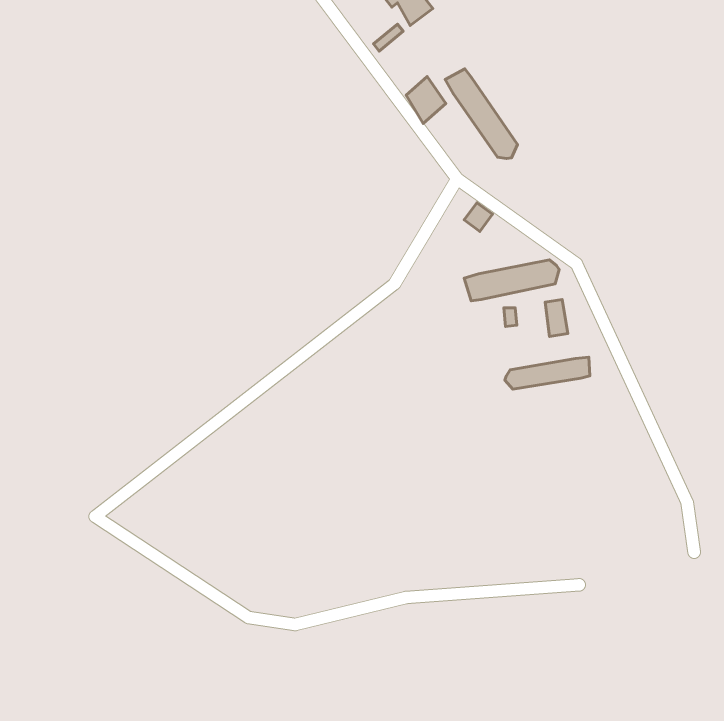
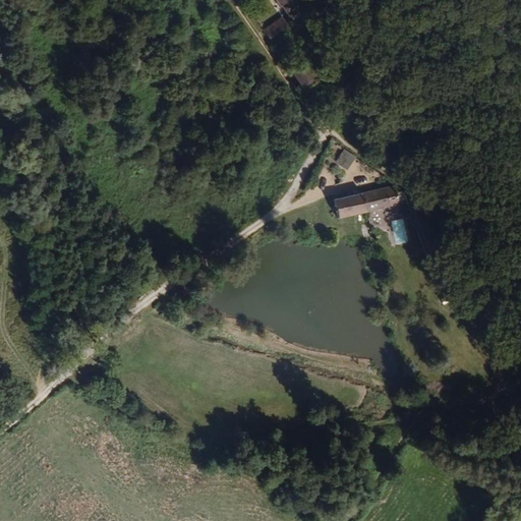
building: [445,69,517,159] -> none
building: [505,357,590,389] -> none

